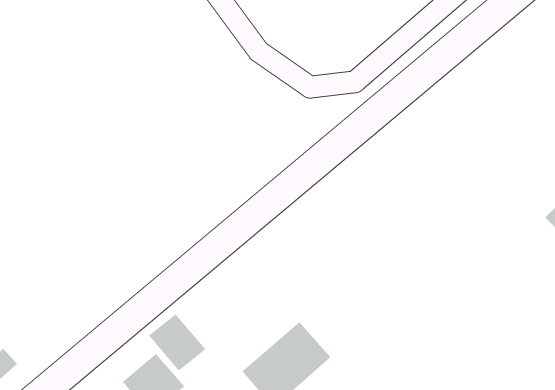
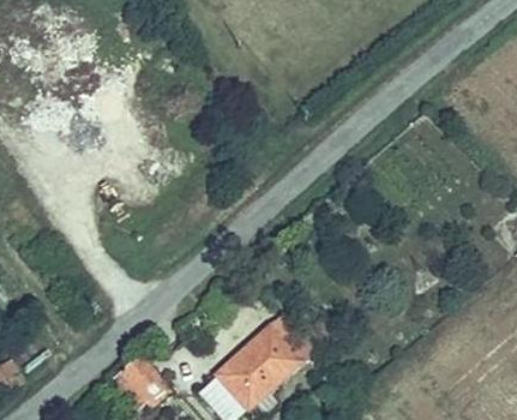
building: [148,313,206,372] -> none

